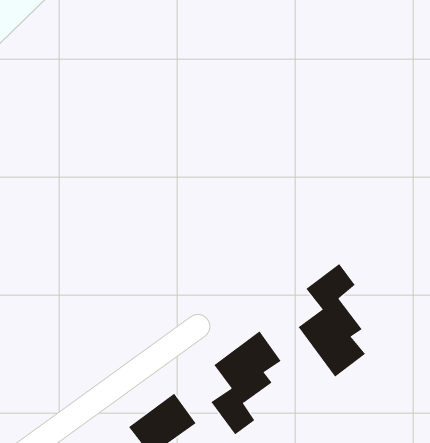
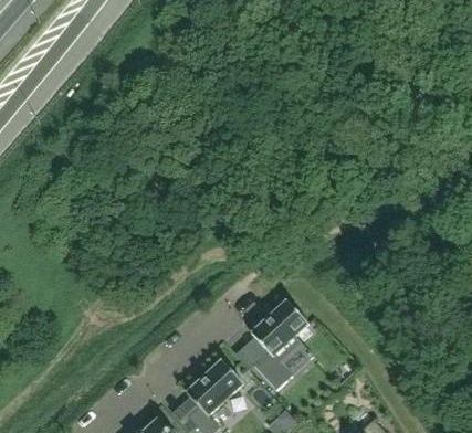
building: [298,263,366,377] -> none

